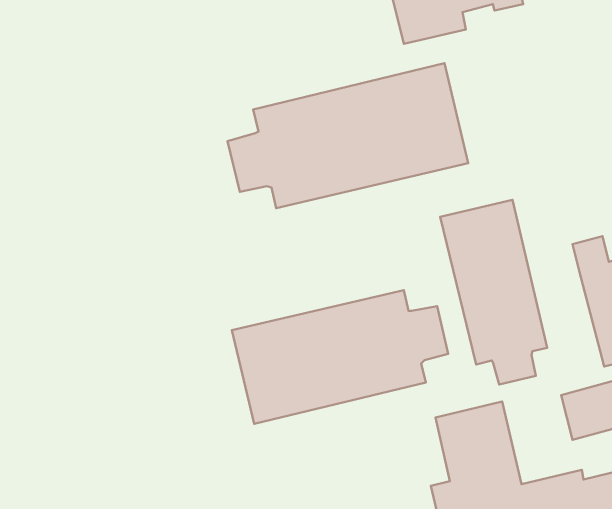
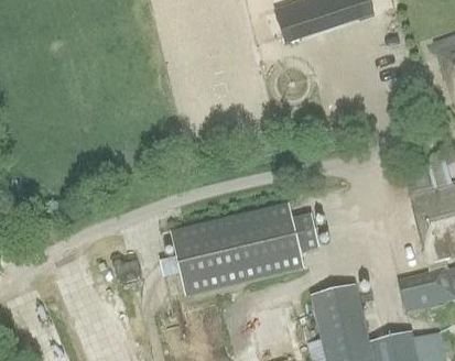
building: [228,63,468,208] -> none
building: [440,200,547,385] -> none

